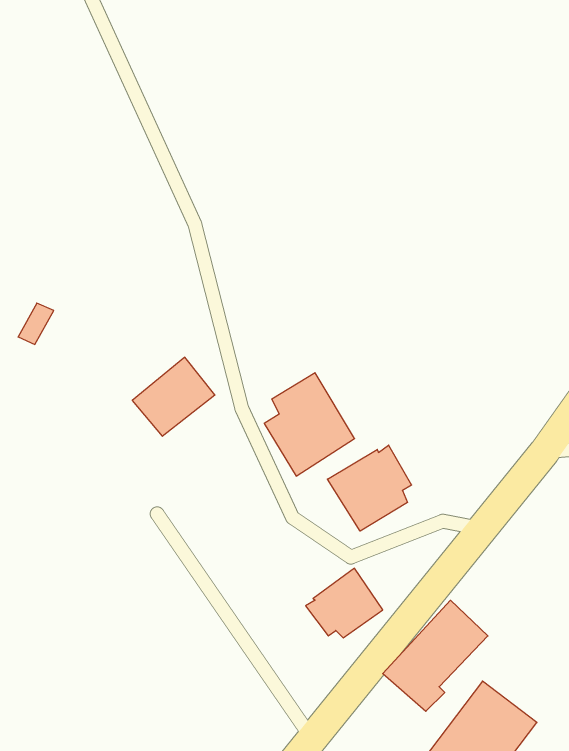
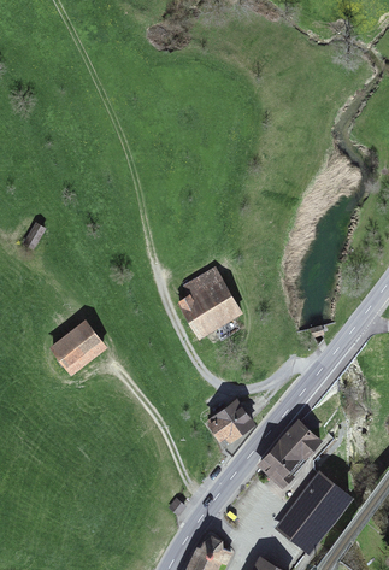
building: [132,357,215,436] -> [51,324,104,375]
building: [327,445,412,531] -> none

